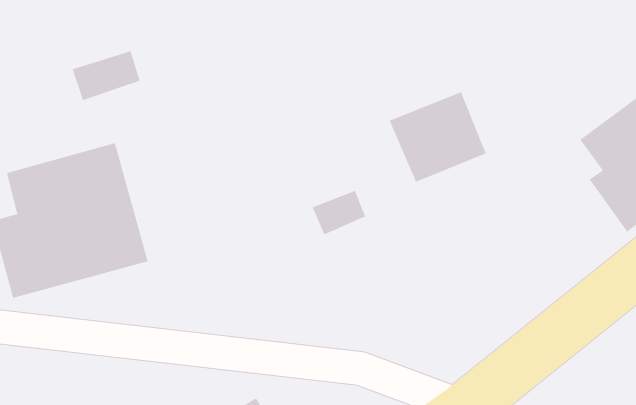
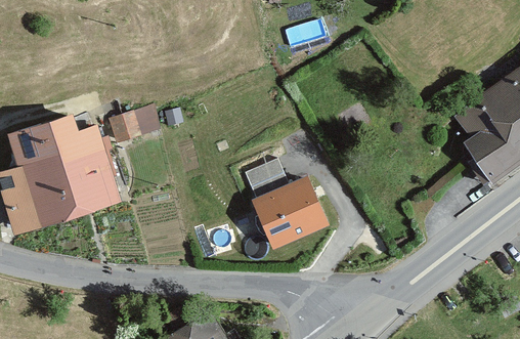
building: [72,51,141,101] -> [111,98,164,137]
building: [389,91,487,182] -> [253,178,329,249]

